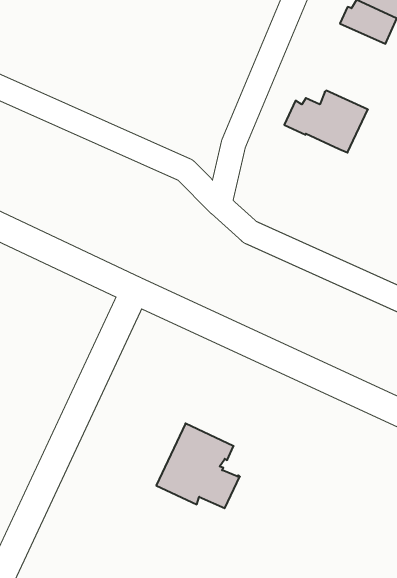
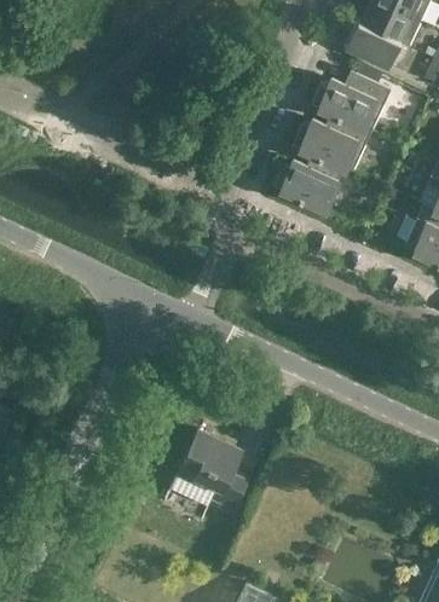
building: none -> [308,71,388,131]
building: none -> [270,154,341,213]

